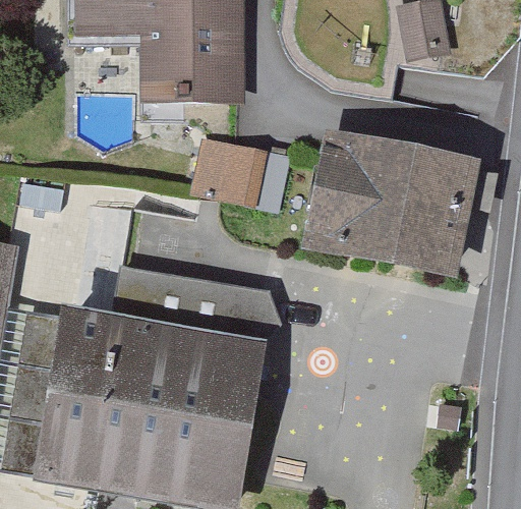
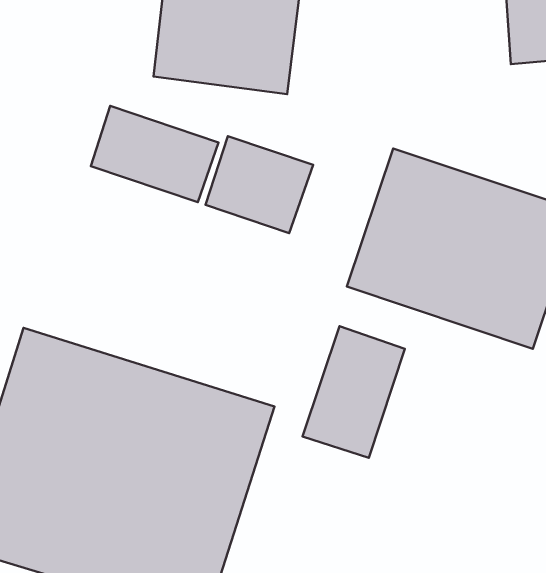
building: none -> [91,106,219,202]
building: none -> [303,326,405,458]

